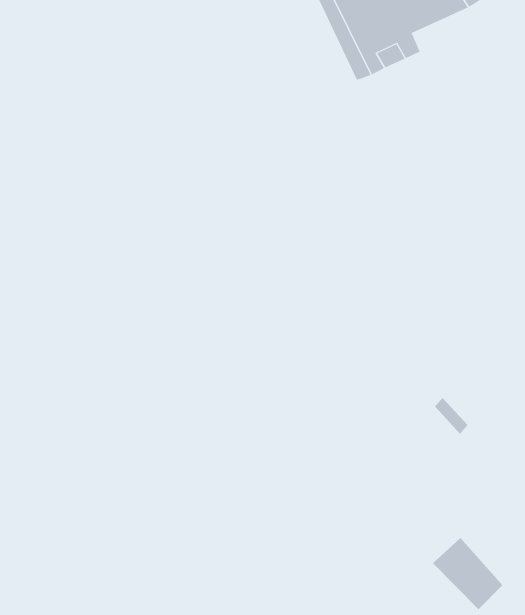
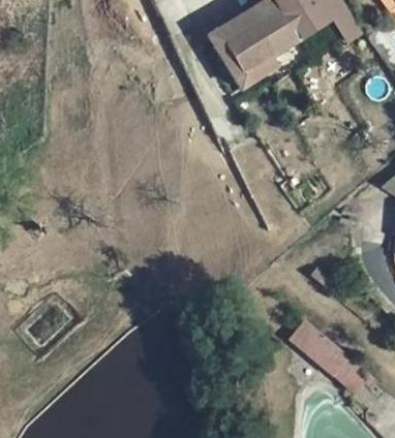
building: none -> [293,321,338,366]

